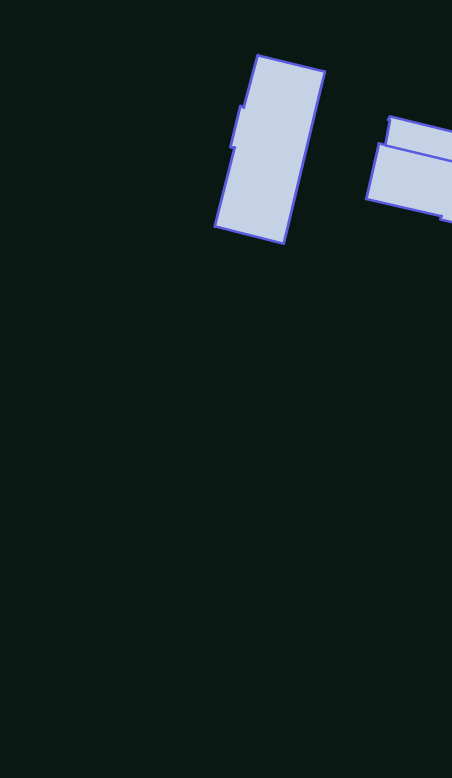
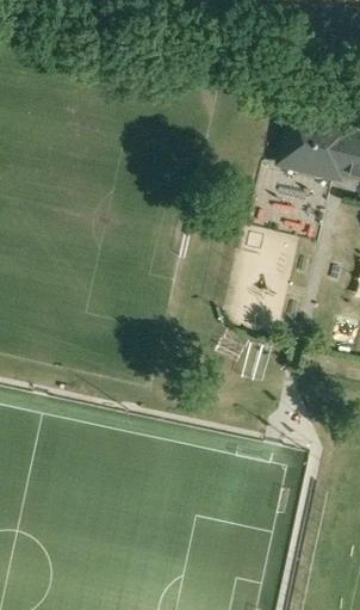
building: [215,55,325,244] -> none

